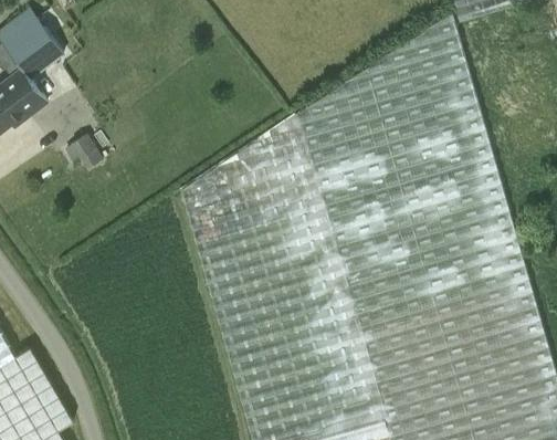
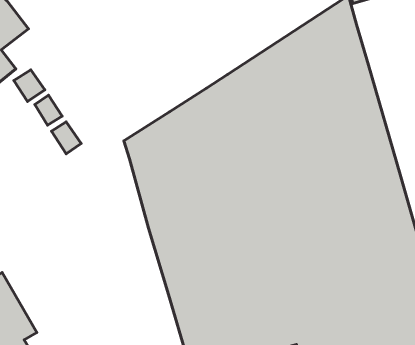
building: none -> [14,70,45,102]
building: none -> [52,122,81,154]

